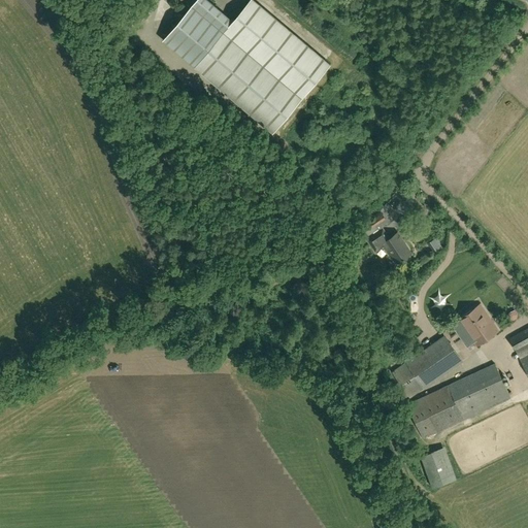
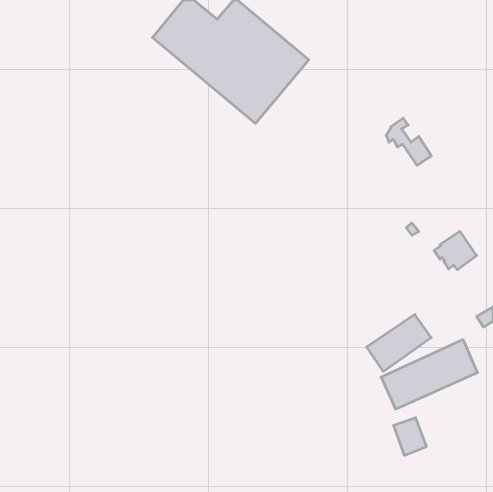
building: [363,213,411,264] -> [386,118,431,165]
building: [453,305,498,346] -> [434,231,477,270]

